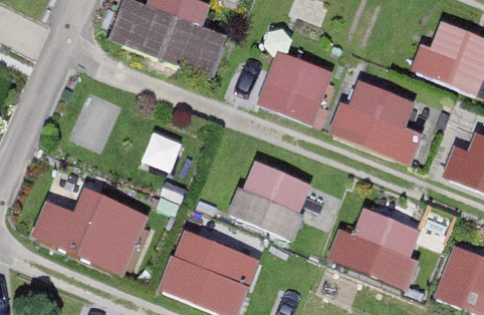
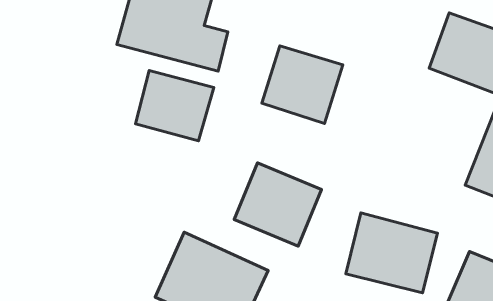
building: none -> [135,70,214,141]
building: [330,77,434,168] -> none
building: [29,193,146,274] -> none

